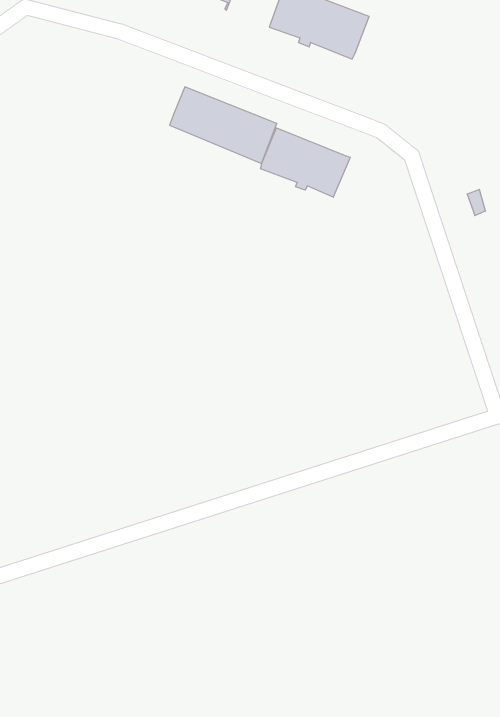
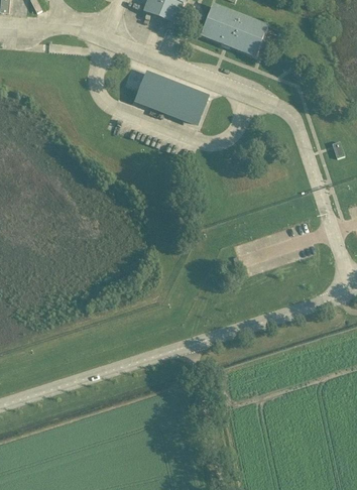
building: [260,128,350,197] -> none

